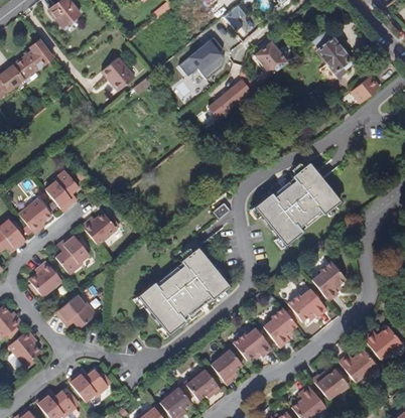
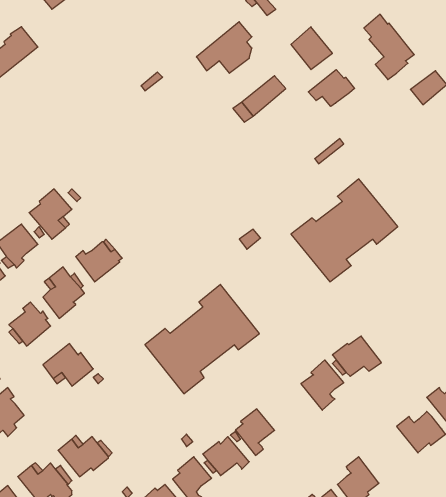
building: [102,57,134,91] -> none
building: none -> [308,70,355,106]
building: [312,261,346,300] -> none
building: [233,327,272,360] -> none
building: [312,368,350,399] -> none

